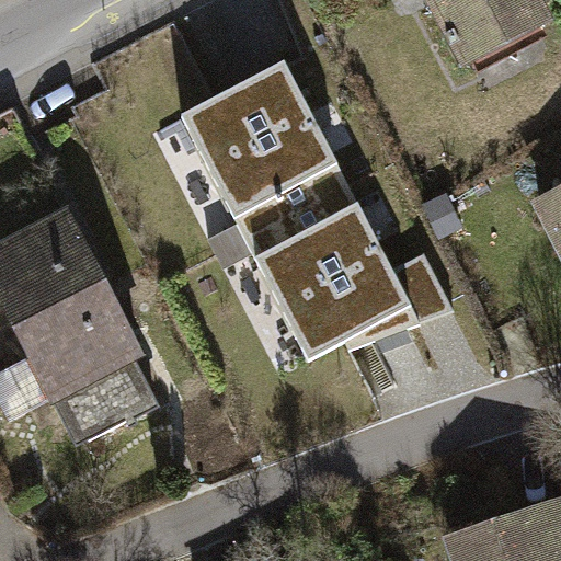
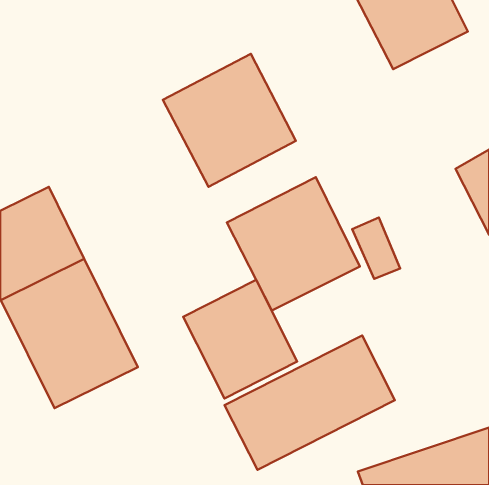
building: none -> [183,280,297,398]
building: none -> [225,335,395,470]

